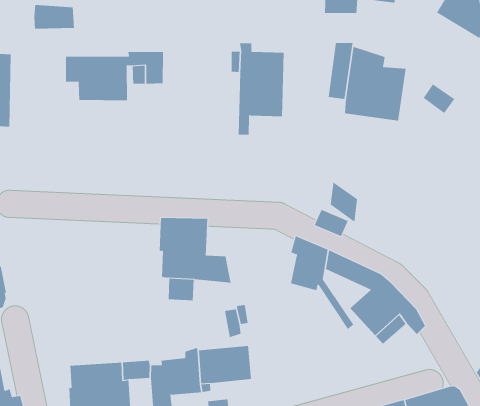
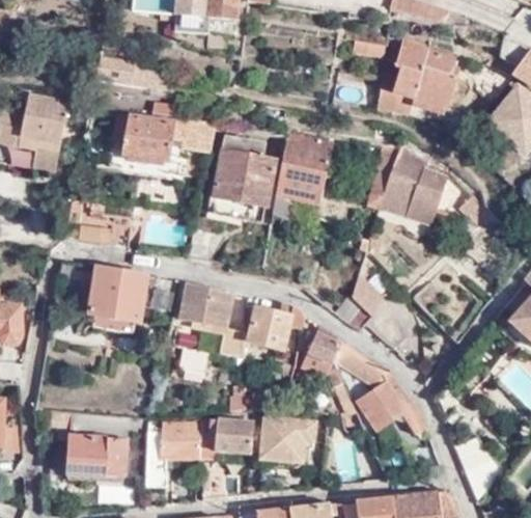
building: none -> [213,137,275,222]
building: none -> [85,210,131,246]
building: none -> [89,266,148,332]
building: none -> [244,294,306,348]
building: none -> [249,420,312,463]

